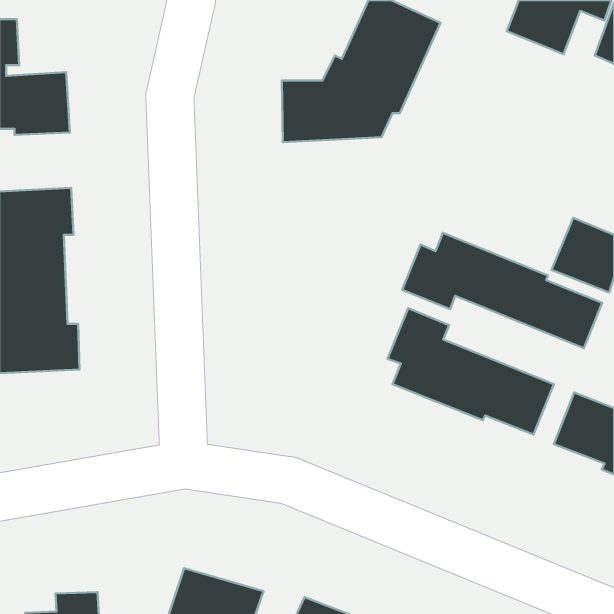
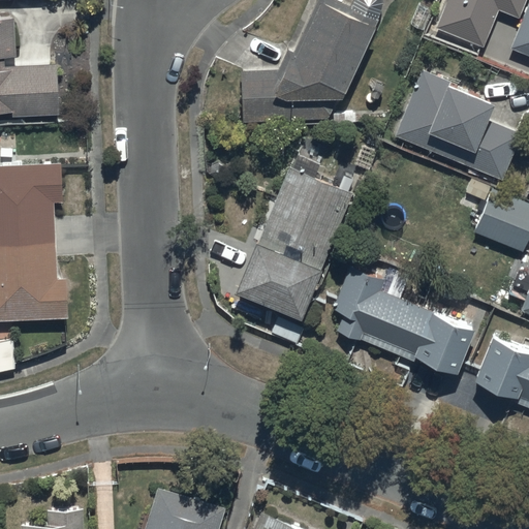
building: none -> [395,70,522,180]
building: none -> [237,166,354,319]
building: [402,233,602,348] -> none

